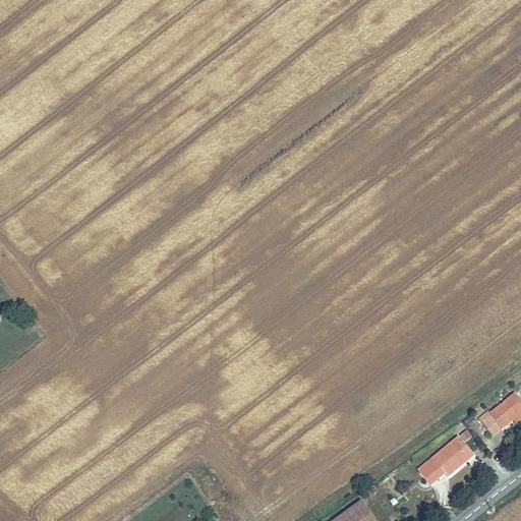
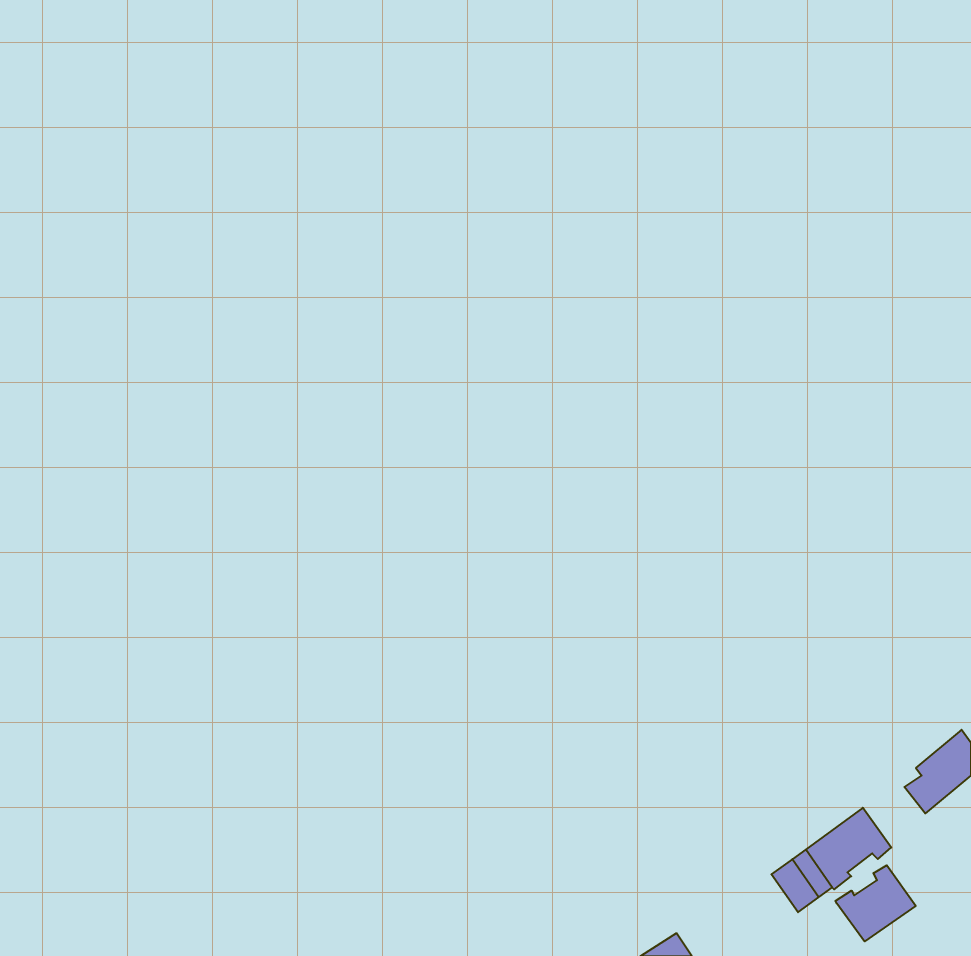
building: none -> [835,865,916,941]

